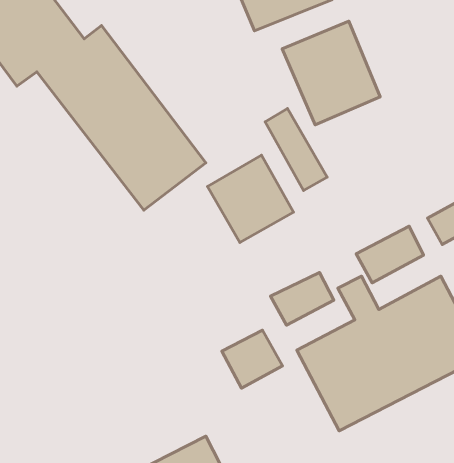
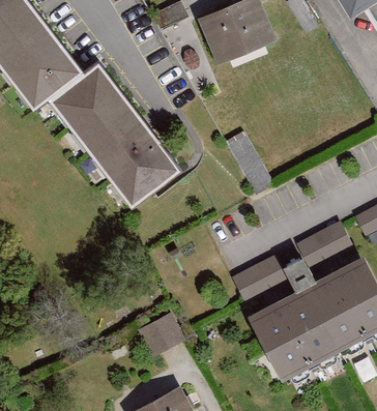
building: [282,21,380,125] -> none
building: [207,155,293,243] -> none
building: [222,330,282,388] -> [138,311,185,356]

